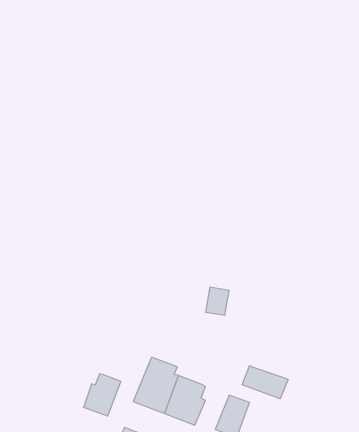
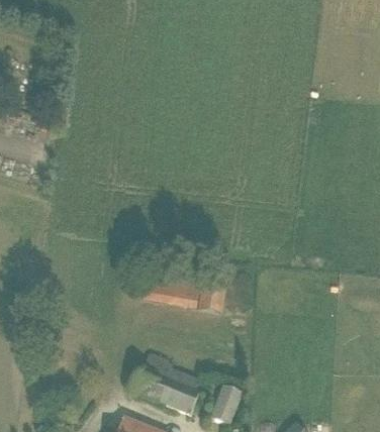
building: [242,366,288,399] -> none
building: [84,374,121,416] -> none

